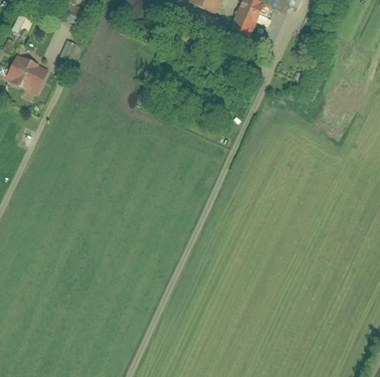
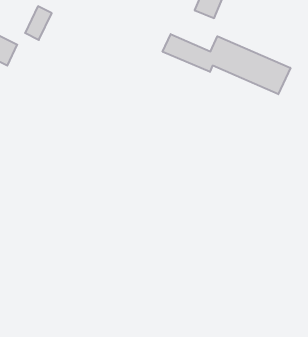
building: none -> [163,34,290,94]

